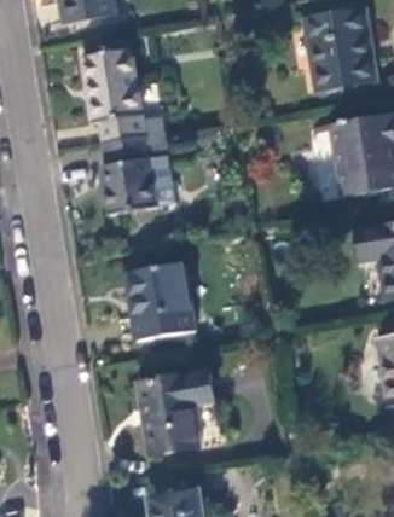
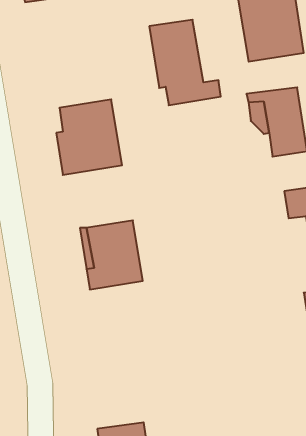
building: [81,42,161,138] -> [149,20,221,105]
building: [135,372,216,455] -> none

